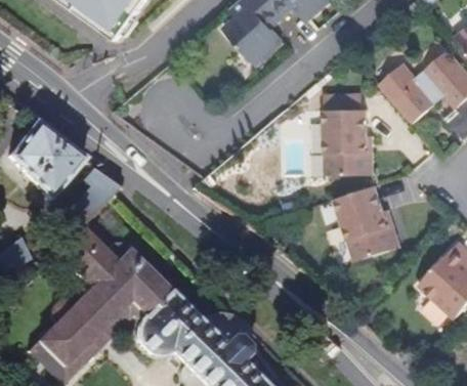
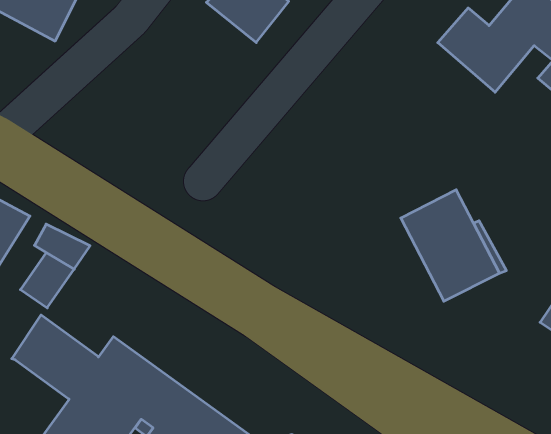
building: [325,108,369,174] -> none

